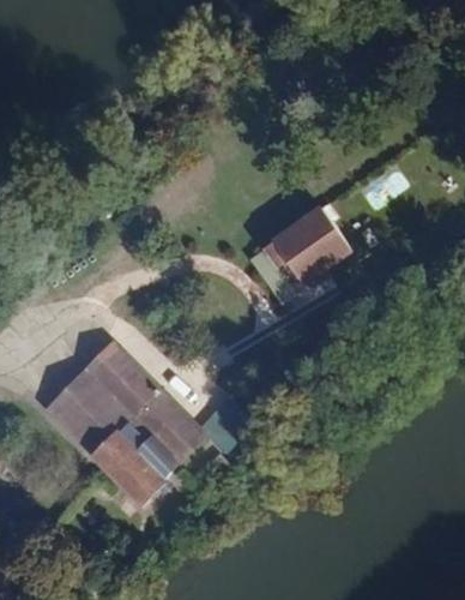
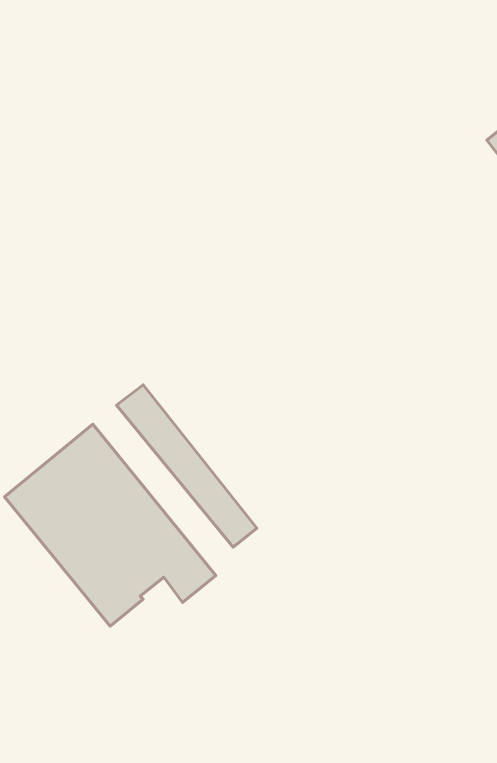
building: [267,214,344,289] -> none

